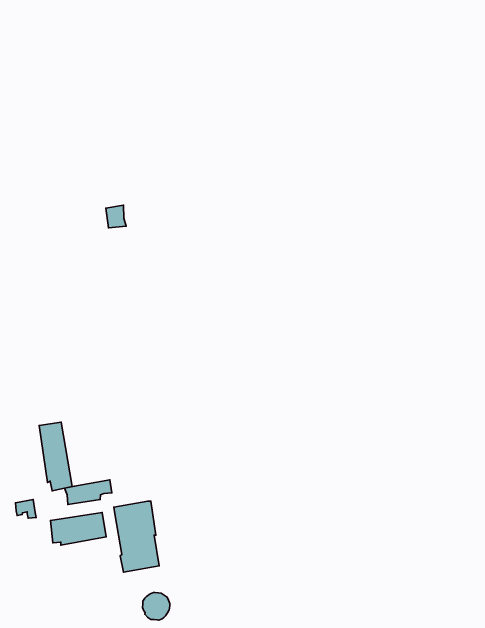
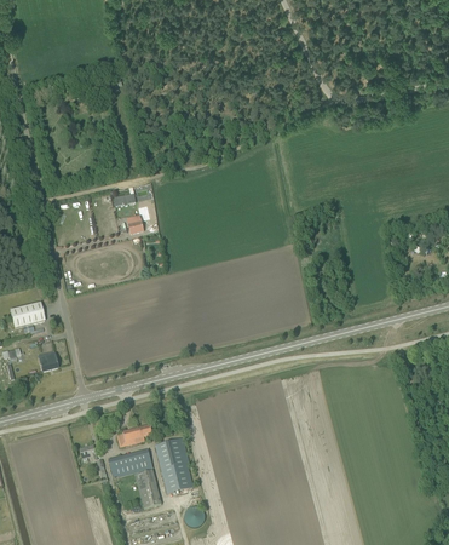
building: [39,422,72,491] -> none
building: none -> [134,470,161,507]

